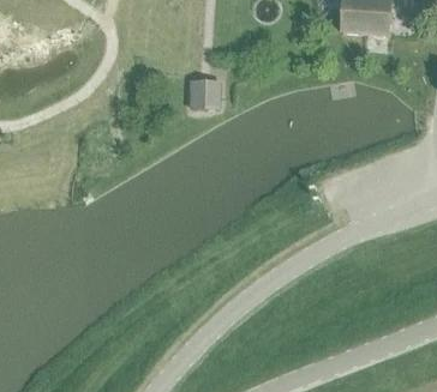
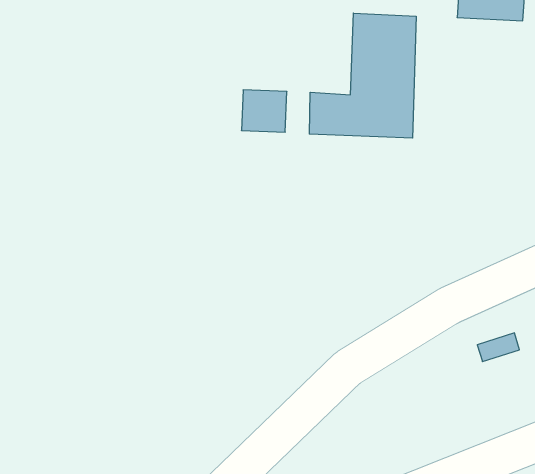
building: none -> [309,13,416,138]

